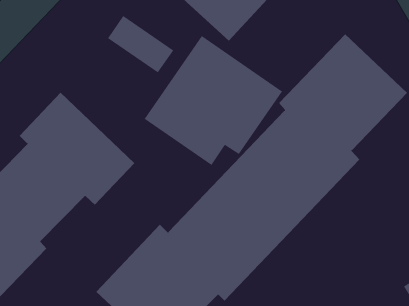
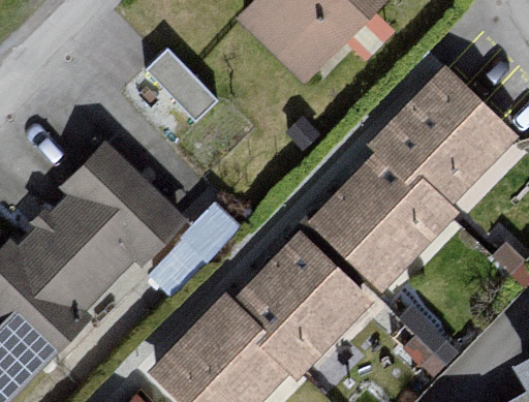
building: [144,35,283,166] -> none

